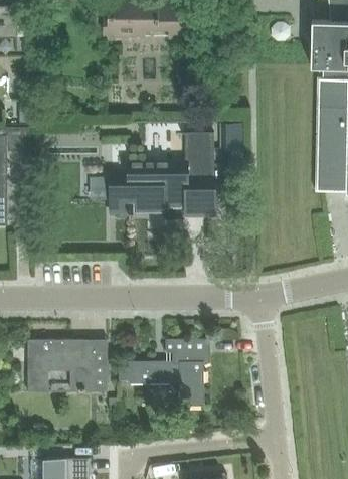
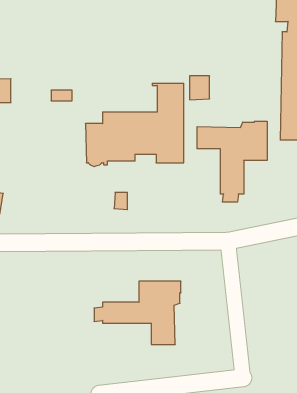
building: none -> [197,121,267,202]
building: [27,341,107,393] -> none

